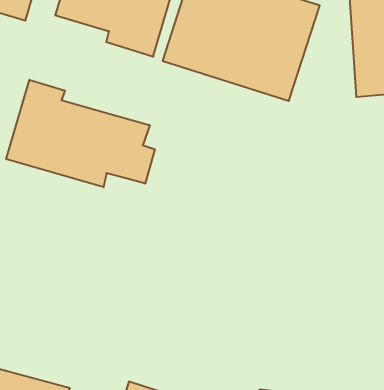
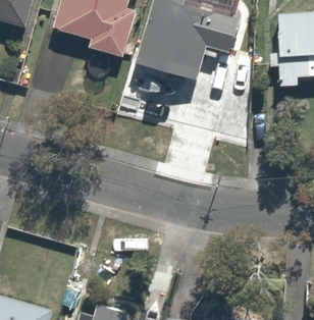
building: [6,80,155,187] -> none

